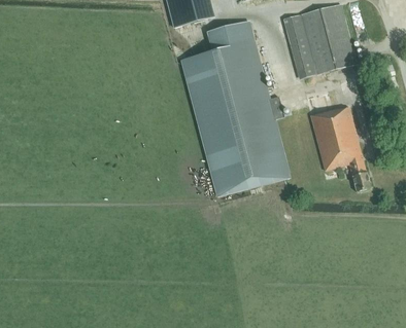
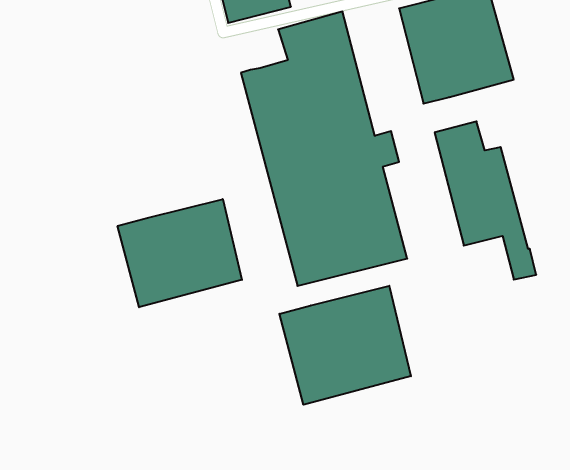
building: none -> [118,199,242,307]
building: none -> [279,286,411,405]

